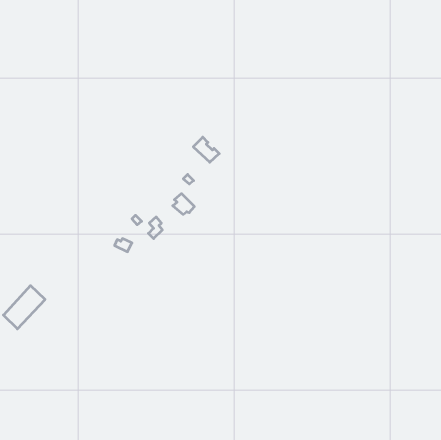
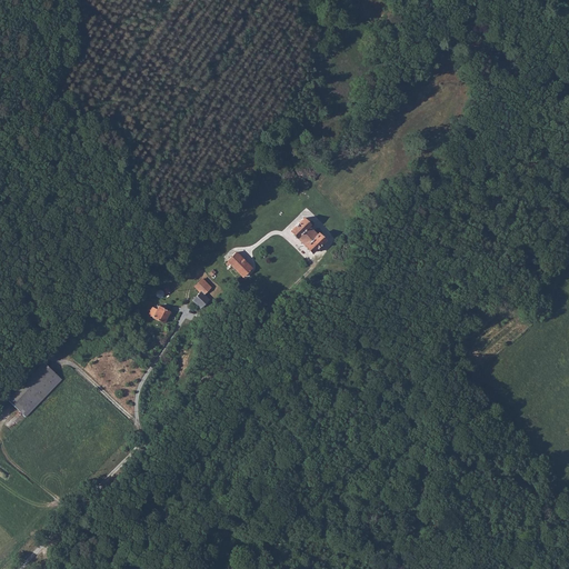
building: [193,137,219,162] -> [291,216,325,248]

